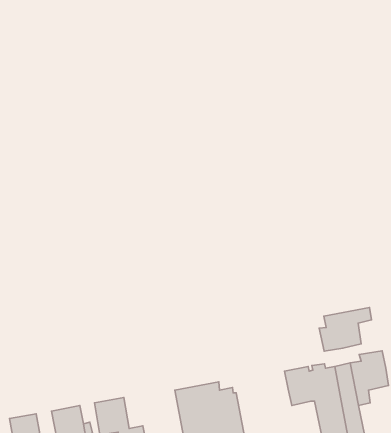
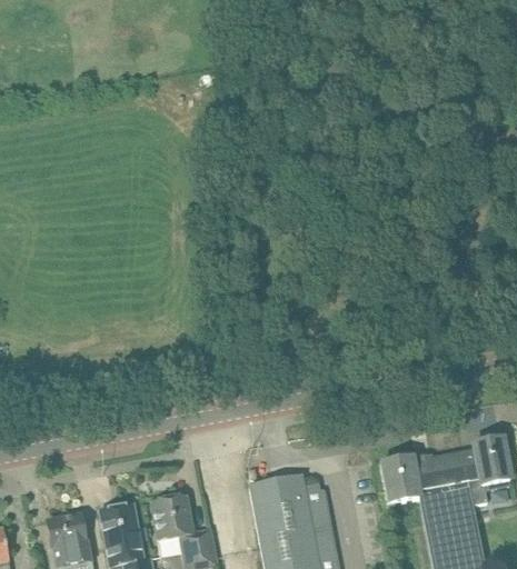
building: [319,308,372,351] -> none

